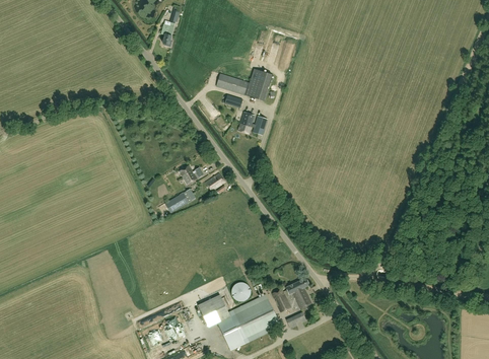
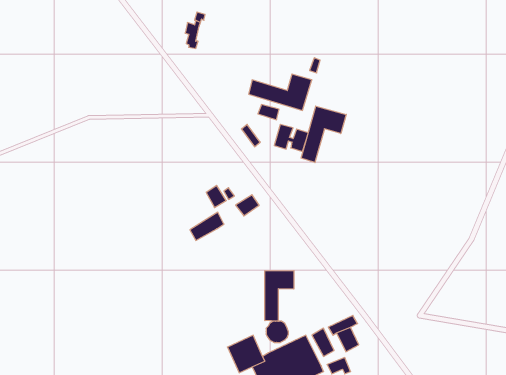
building: none -> [301,106,346,163]
building: none -> [265,271,294,321]

